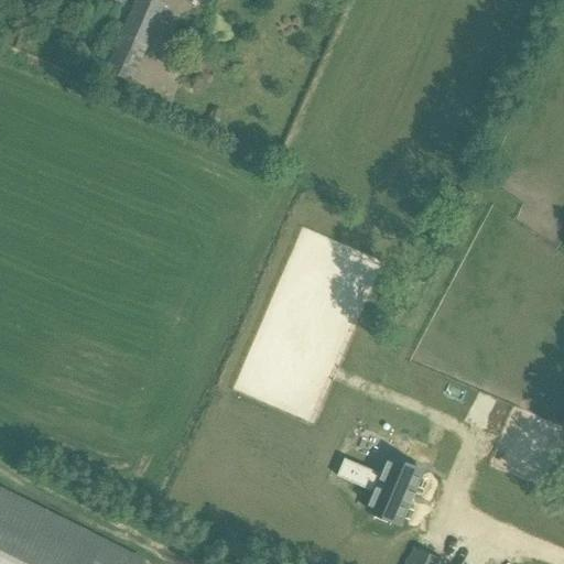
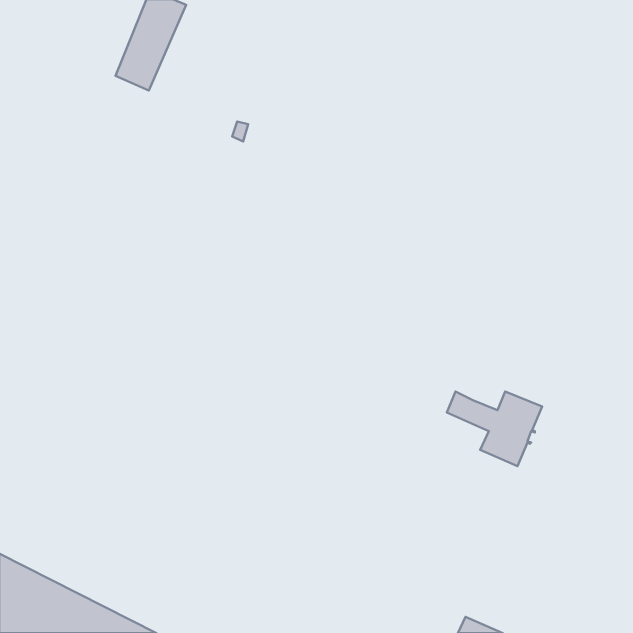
building: [337,457,422,523] -> [447,392,542,466]

